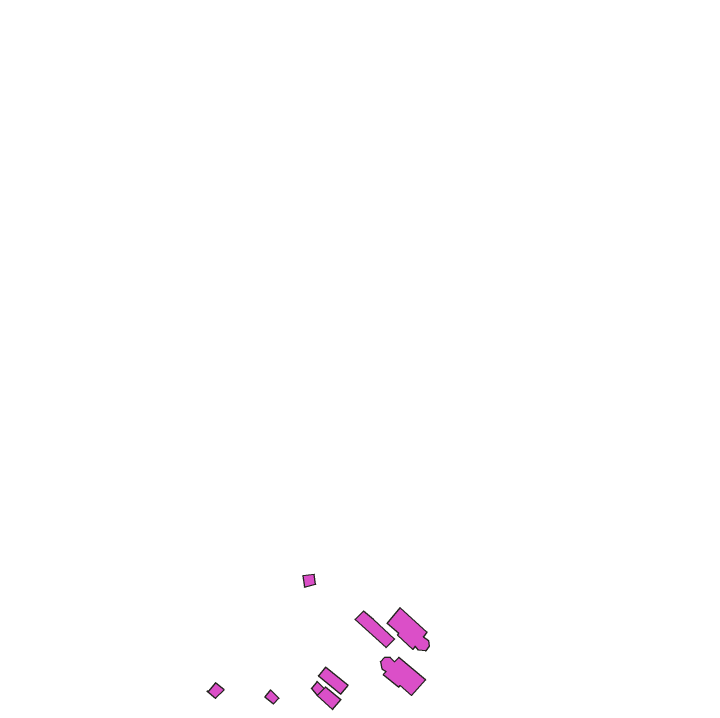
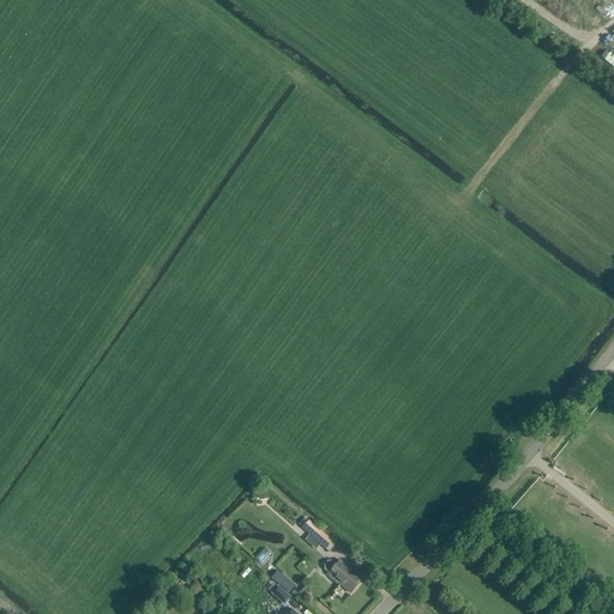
building: [387,608,429,651] -> none

